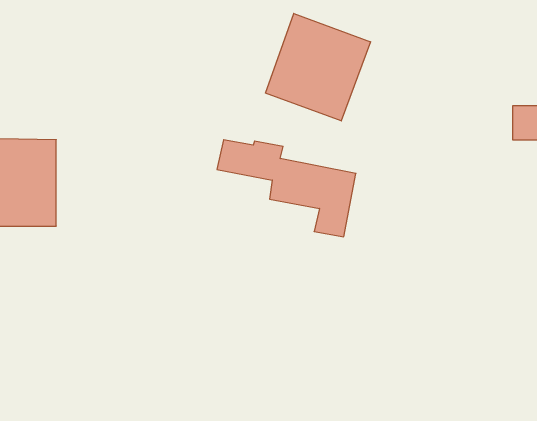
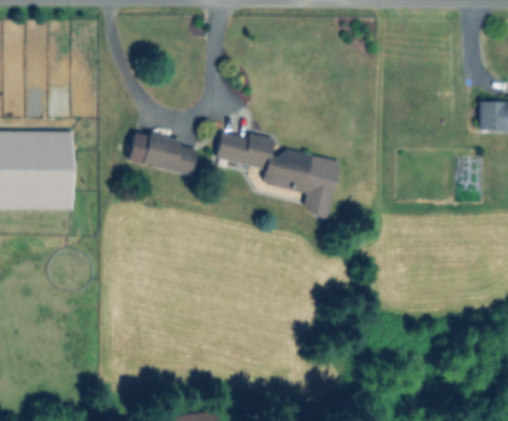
building: [266,13,371,121] -> none
building: none -> [129,130,199,176]

